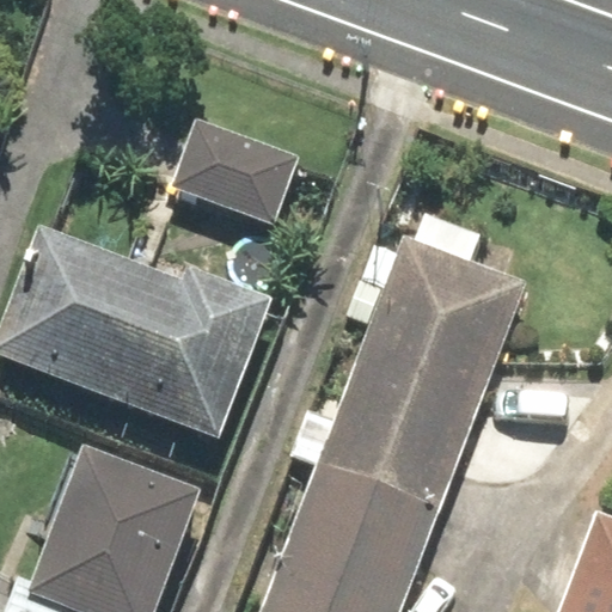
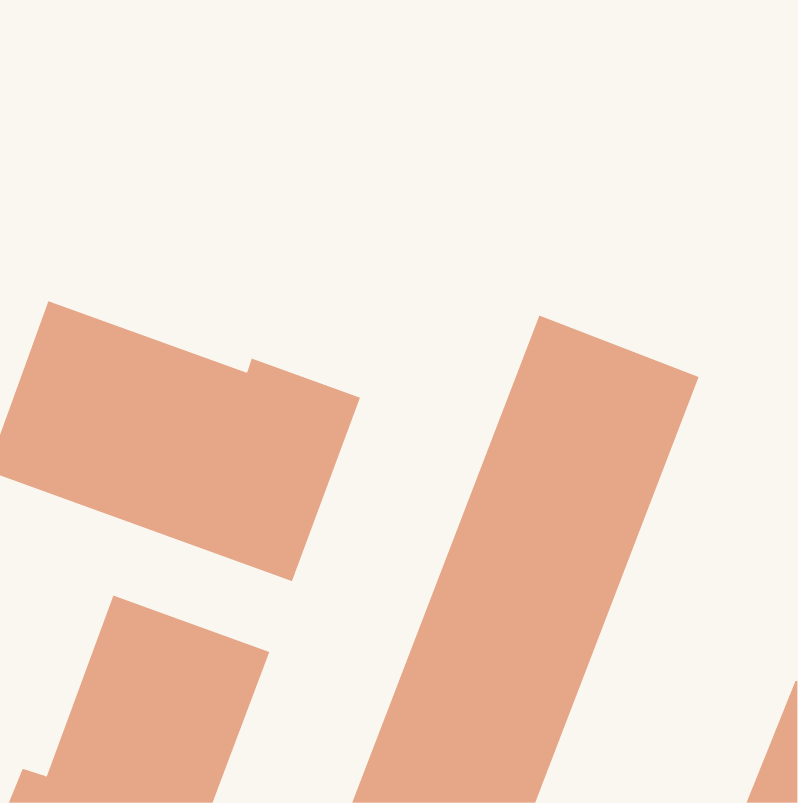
building: [172,117,299,222] -> none

